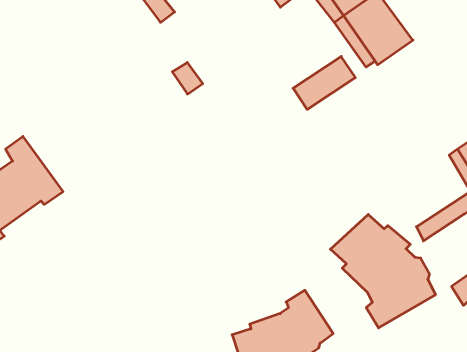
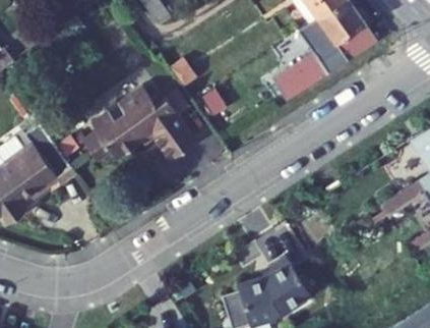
building: none -> [74,84,197,161]
building: [330,214,435,328] -> none

